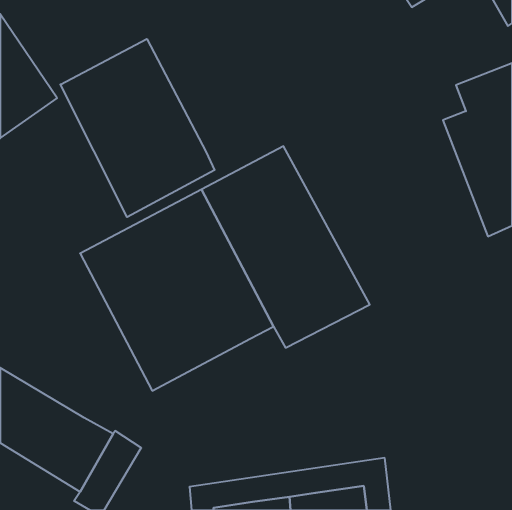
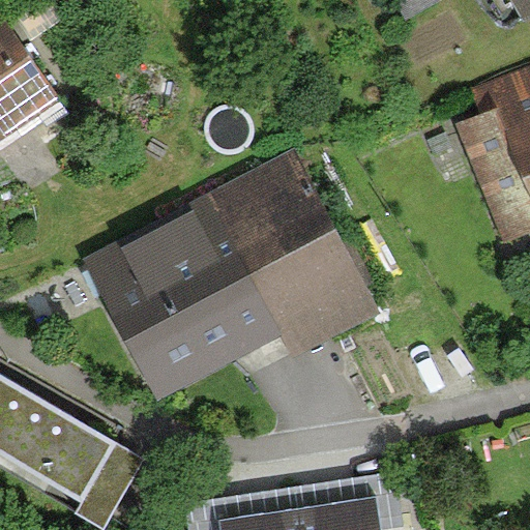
building: [60,39,215,217] -> none

